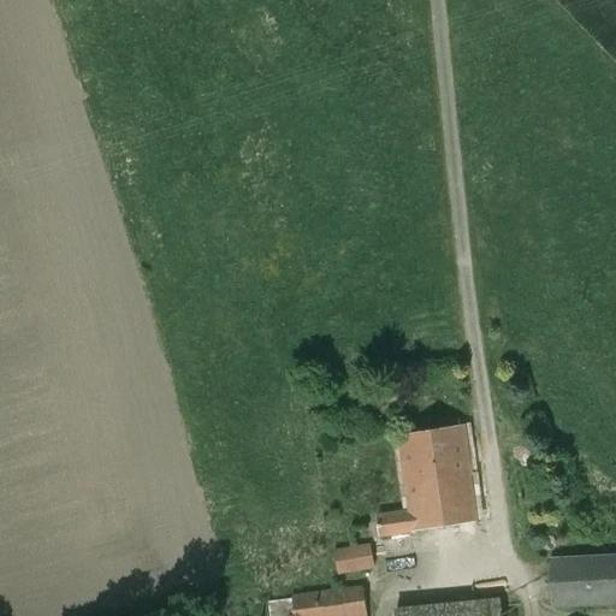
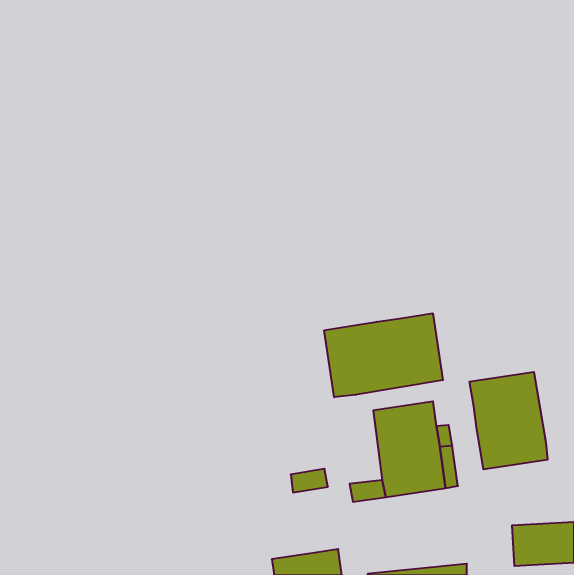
building: none -> [324,313,443,397]
building: none -> [470,372,548,469]
building: [333,546,373,571] -> [291,469,328,492]

